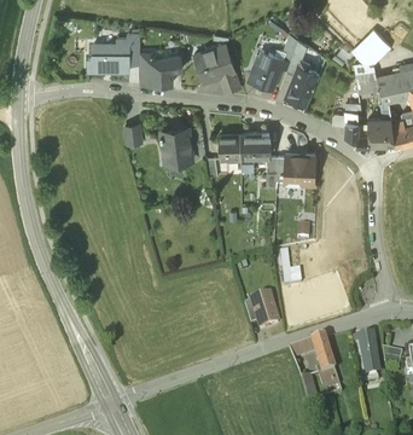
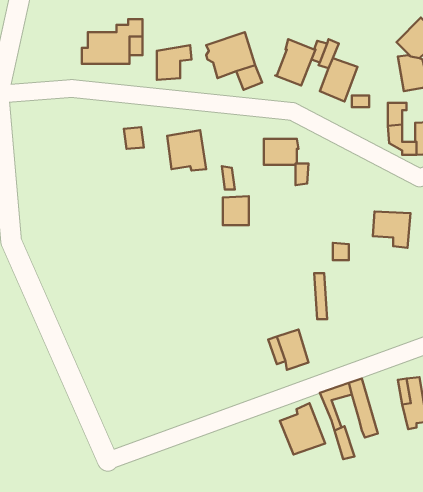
building: [220,133,242,157] -> [223,196,249,225]
building: [285,153,316,184] -> [373,212,410,248]
building: none -> [280,403,325,455]

